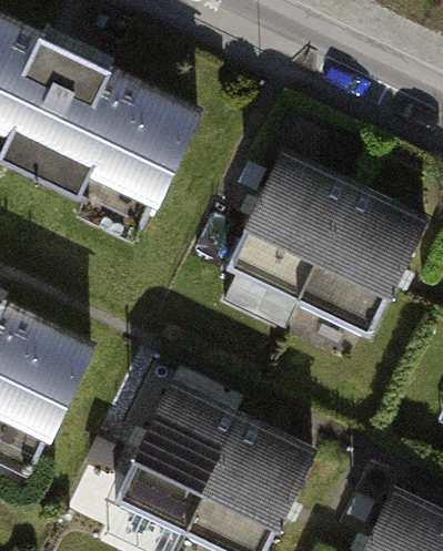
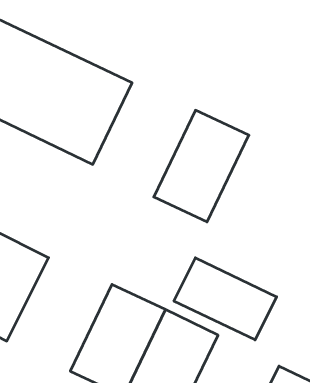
building: [299,185,425,335] -> none
building: none -> [174,258,277,340]

